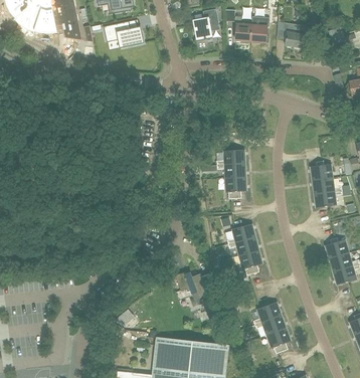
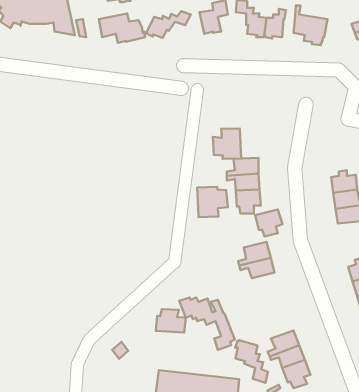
building: none -> [146,11,191,38]
building: none -> [213,129,241,159]
building: none -> [197,187,228,217]
building: [239,250,263,274] -> [255,209,282,237]
building: none -> [156,309,186,332]
building: none -> [235,340,268,383]

